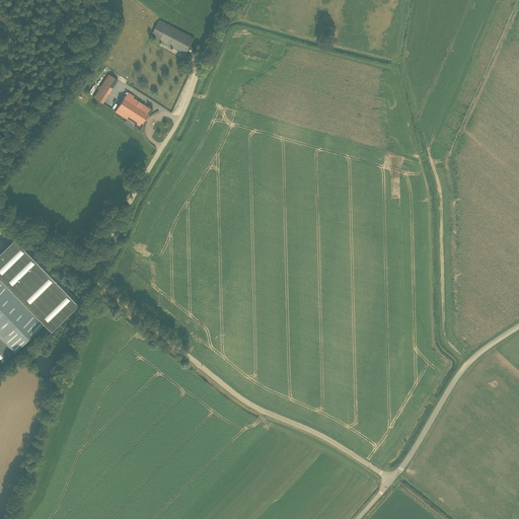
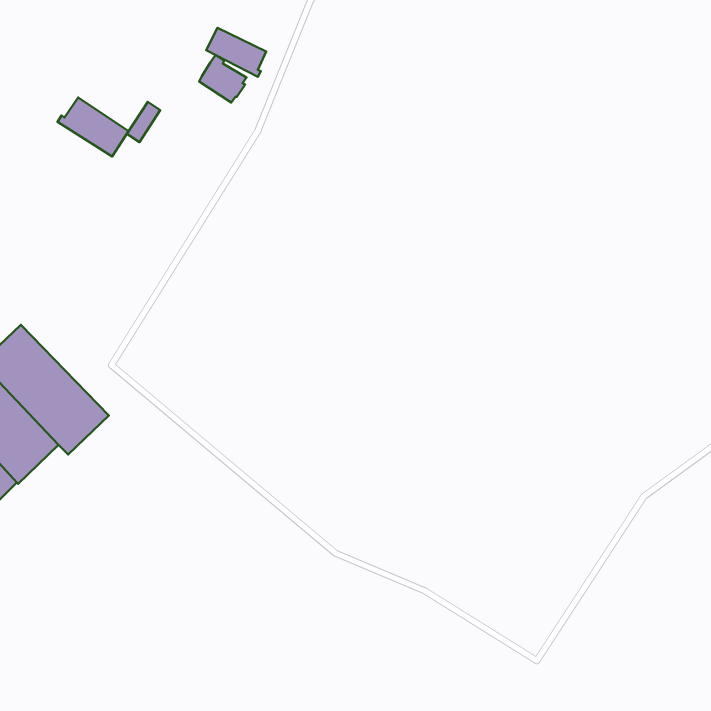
building: none -> [58,98,129,156]
building: [115,93,149,128] -> [199,55,247,103]

